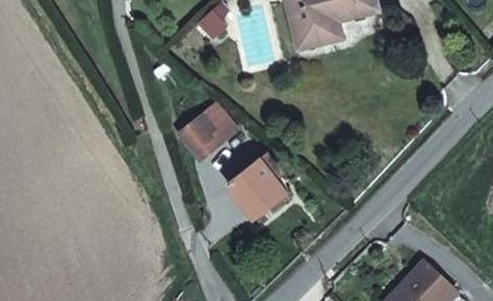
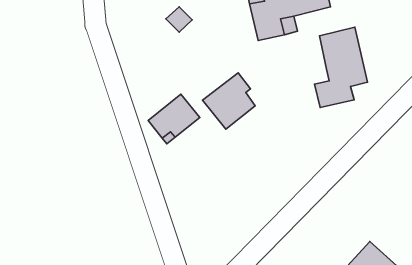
building: none -> [314,27,368,108]
building: [227,155,285,216] -> [202,73,255,129]

